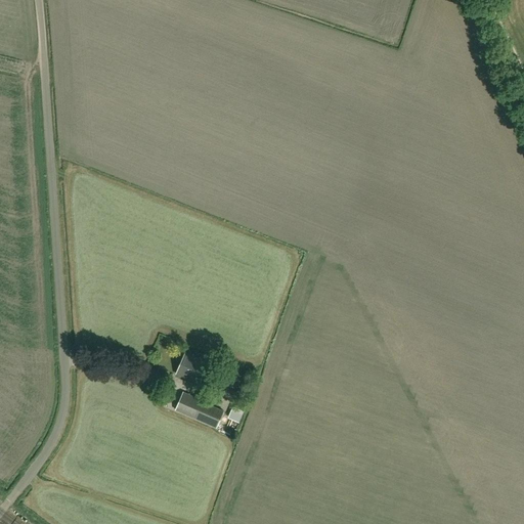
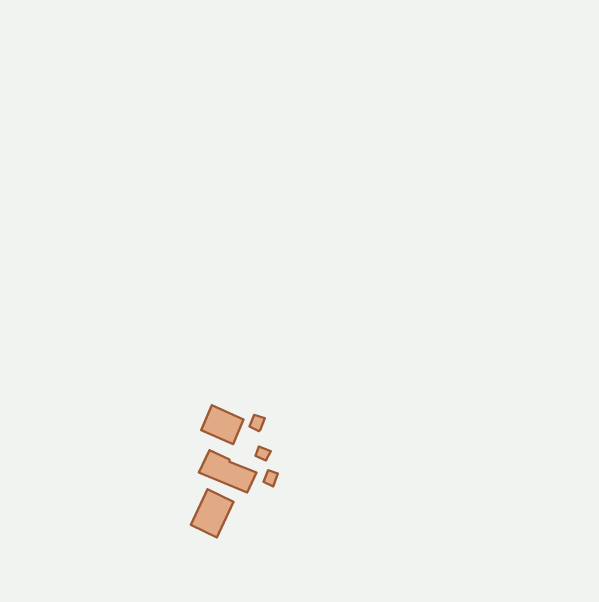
building: none -> [191,489,234,538]

